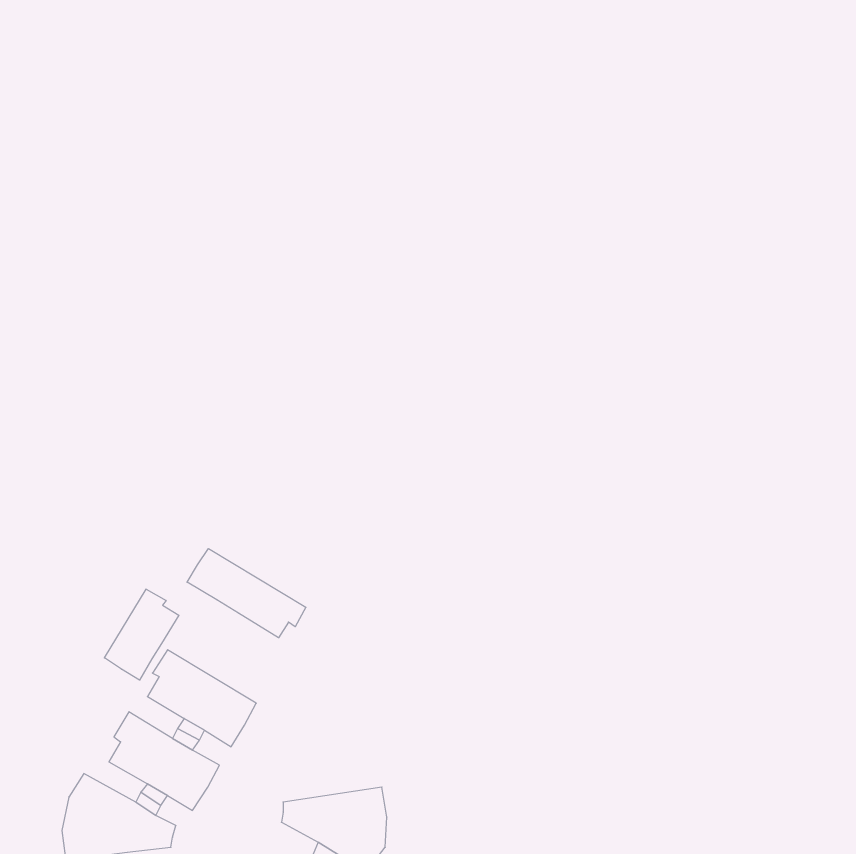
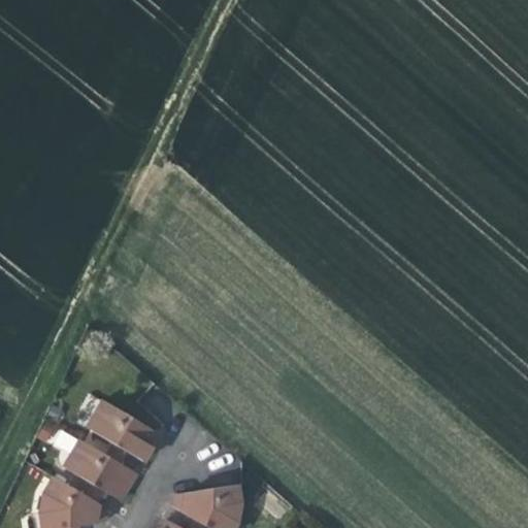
building: [187,549,306,638] -> none
building: [104,589,179,680] -> none

